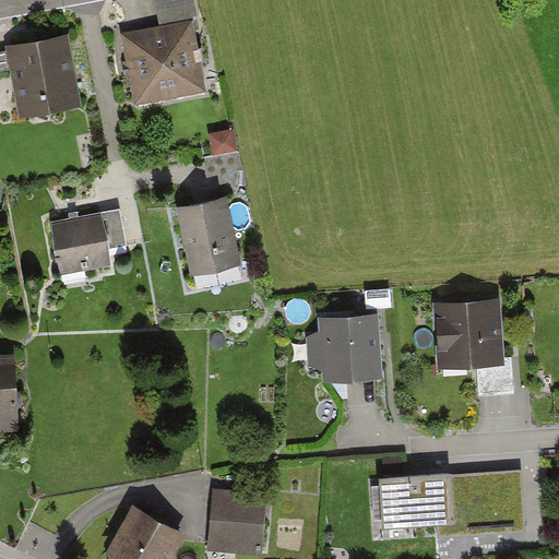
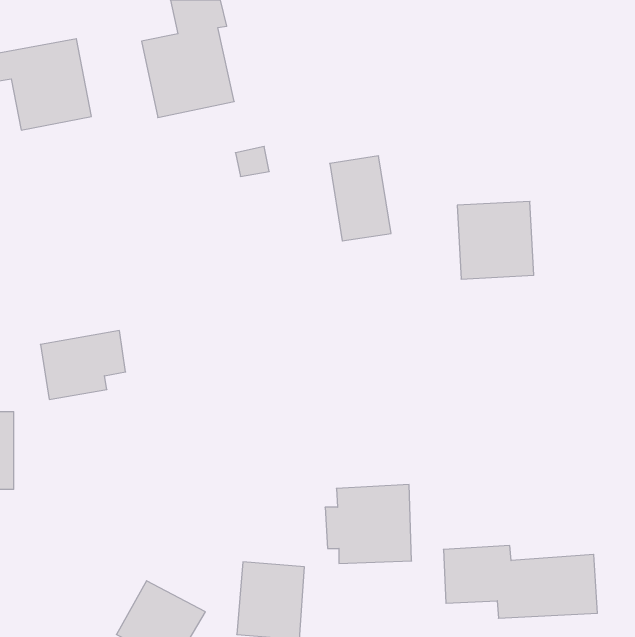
building: [180,199,234,273] -> [330,156,391,241]
building: [50,212,124,272] -> [40,331,126,399]
building: [433,299,500,367] -> [457,201,534,279]
building: [306,314,381,383] -> [325,485,412,563]

